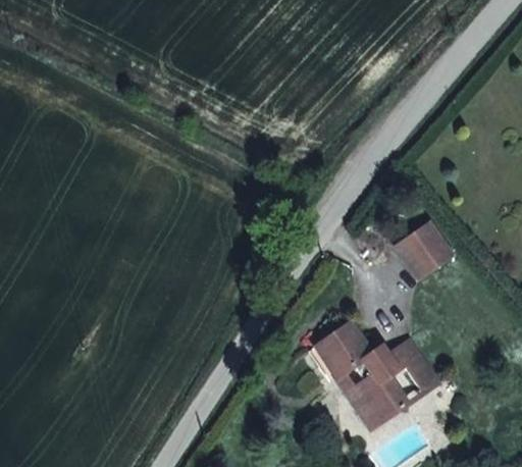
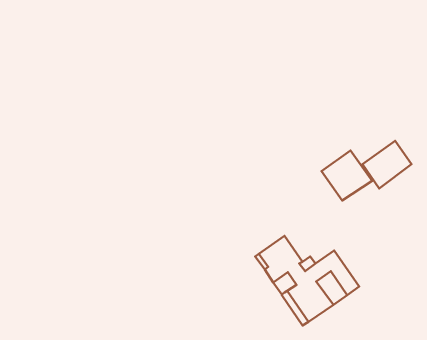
building: none -> [362,141,412,188]

